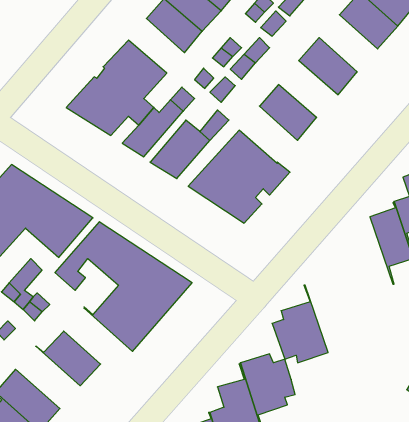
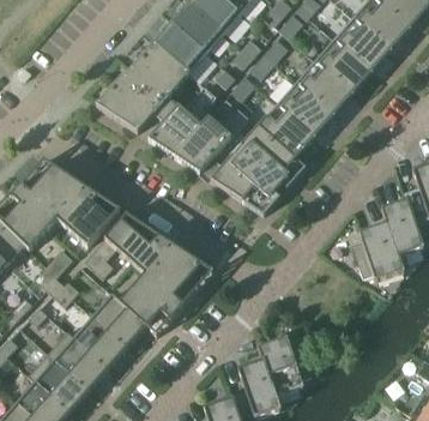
building: none -> [334,18,389,72]
building: none -> [155,22,207,73]
building: none -> [296,61,352,115]
building: none -> [259,104,314,158]
building: [272,285,328,363] -> [351,209,404,282]
building: none -> [93,295,158,348]
building: none -> [48,331,109,390]

